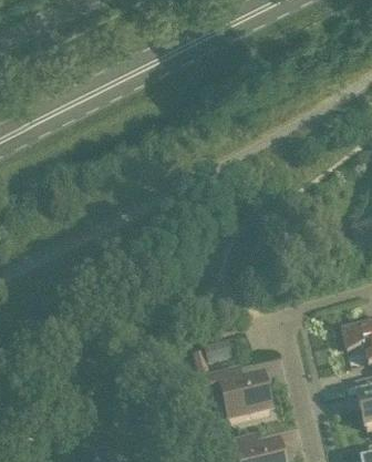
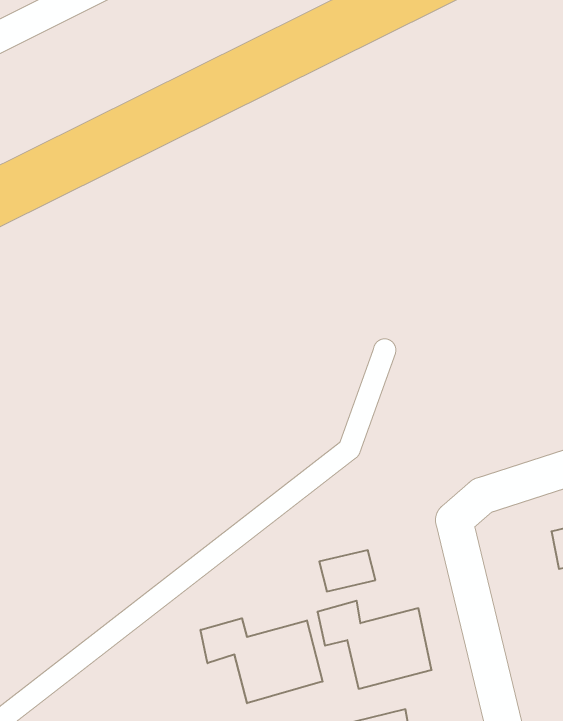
building: none -> [201,618,323,703]

